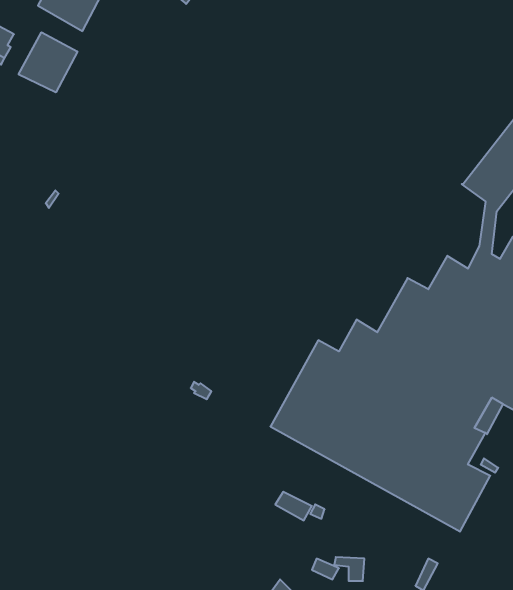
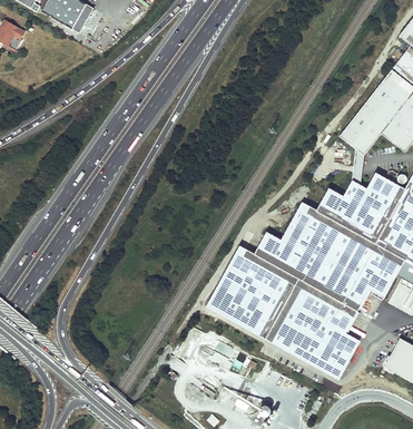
building: [19,32,77,92] -> none

